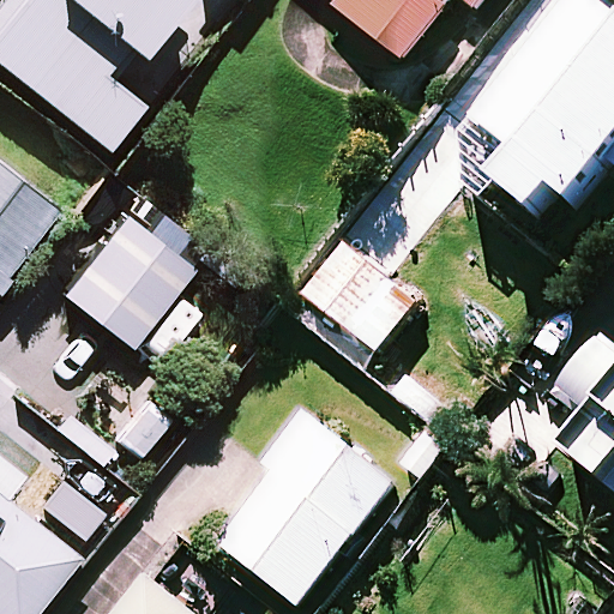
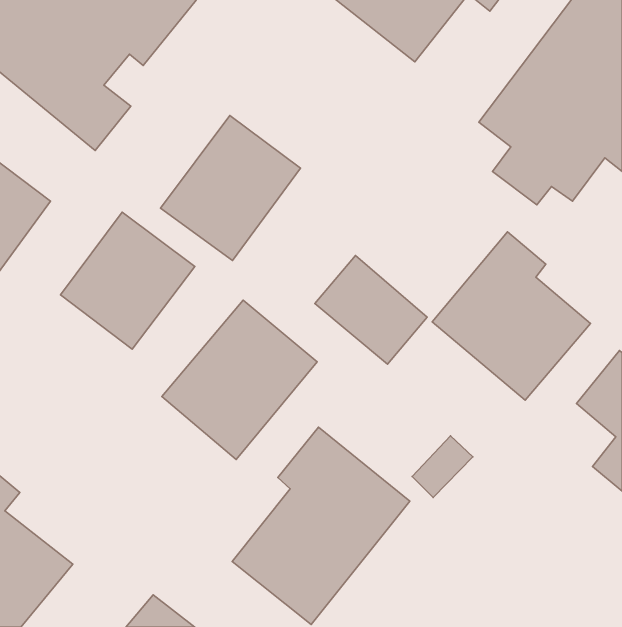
building: none -> [161,116,300,260]
building: none -> [432,232,590,400]
building: none -> [162,300,317,459]

